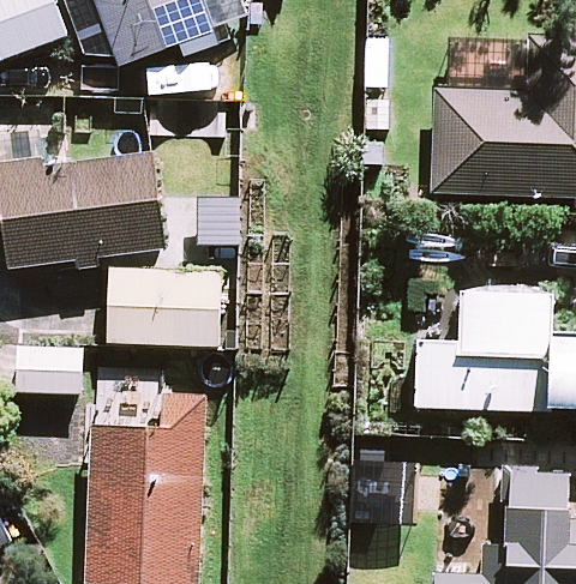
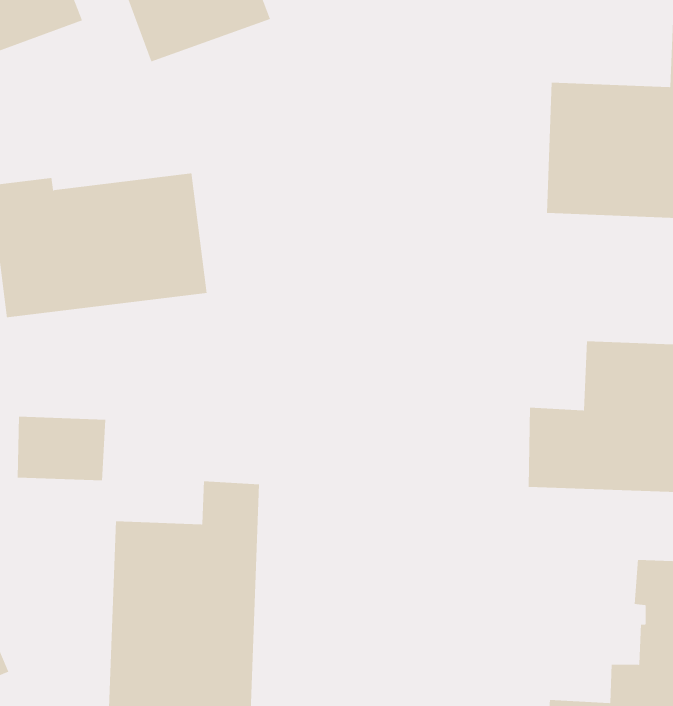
building: [108,269,221,349] -> none

